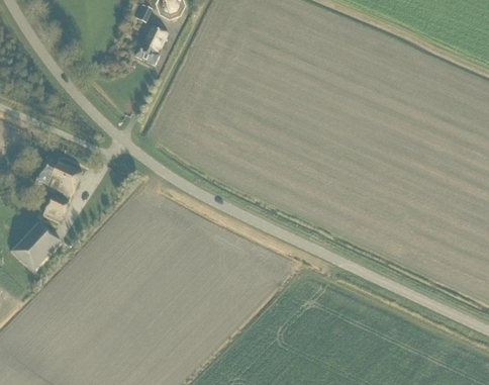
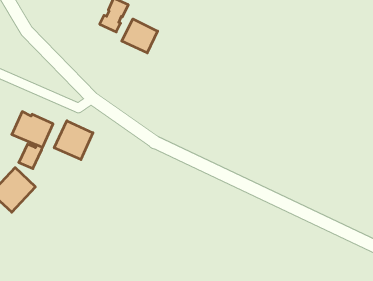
building: none -> [122,19,158,53]
building: none -> [54,121,93,160]

